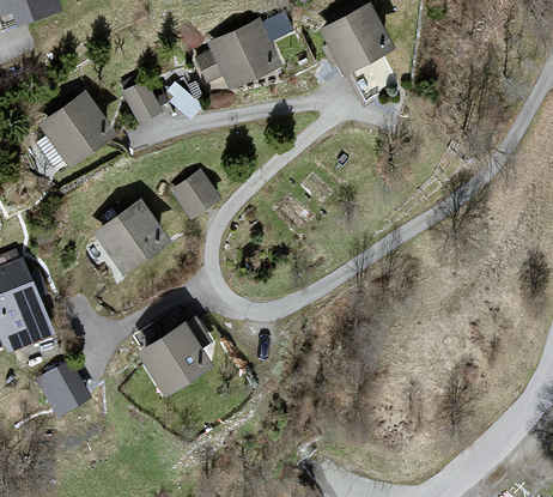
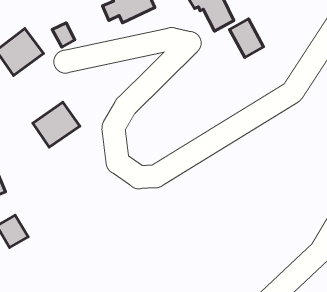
building: none -> [230,19,264,58]
building: [168,166,217,213] -> none
building: [135,320,208,390] -> none

